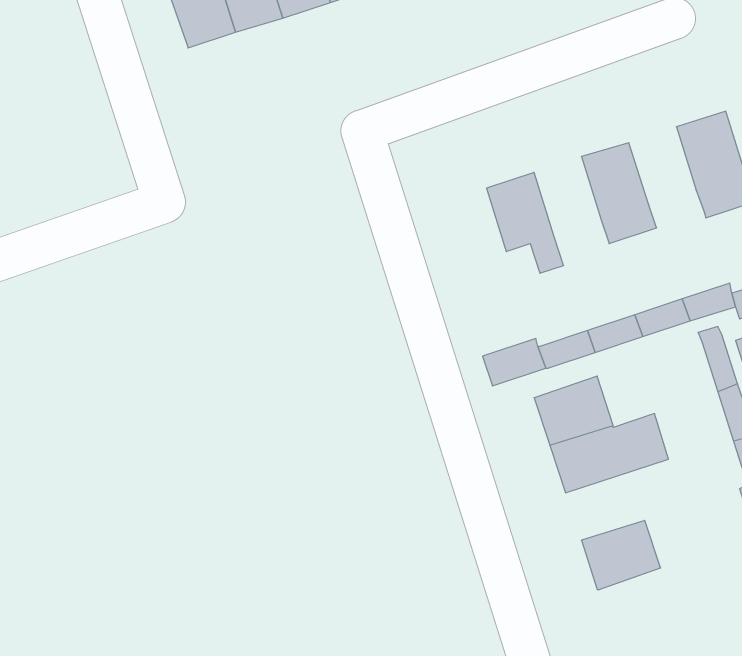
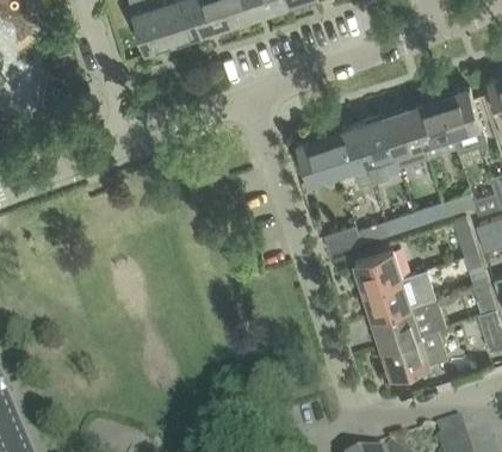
building: none -> [413,97,458,157]
building: none -> [355,114,396,182]
building: none -> [297,134,339,181]
building: none -> [374,297,447,346]

